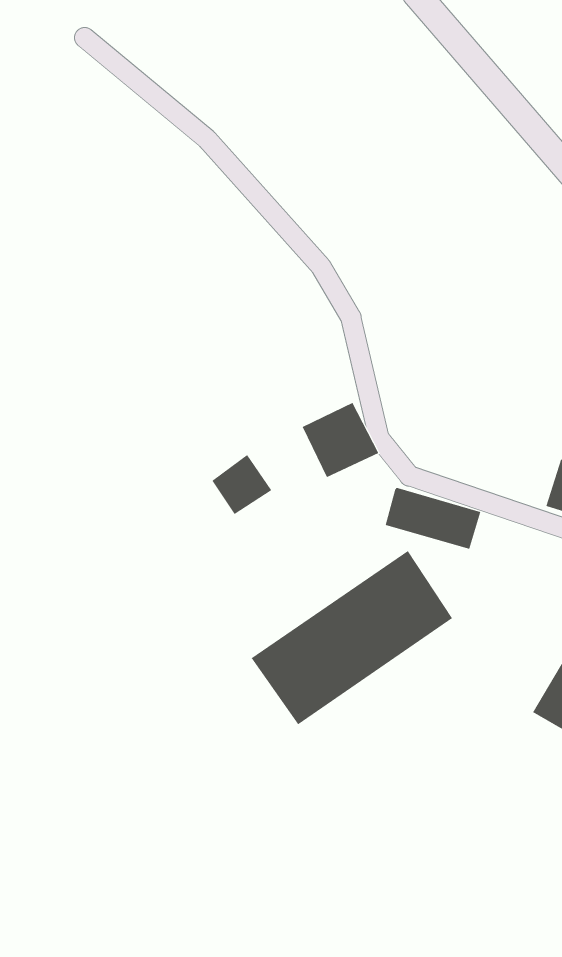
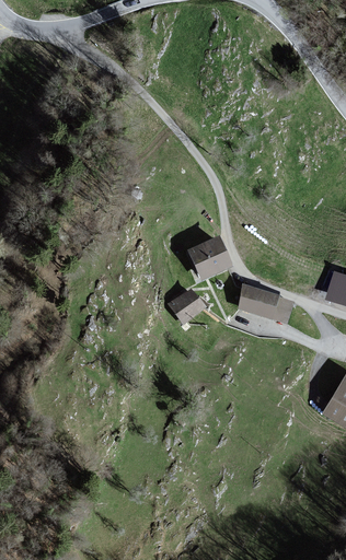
building: [212,454,272,515] -> [169,289,204,324]
building: [251,550,453,725] -> none

